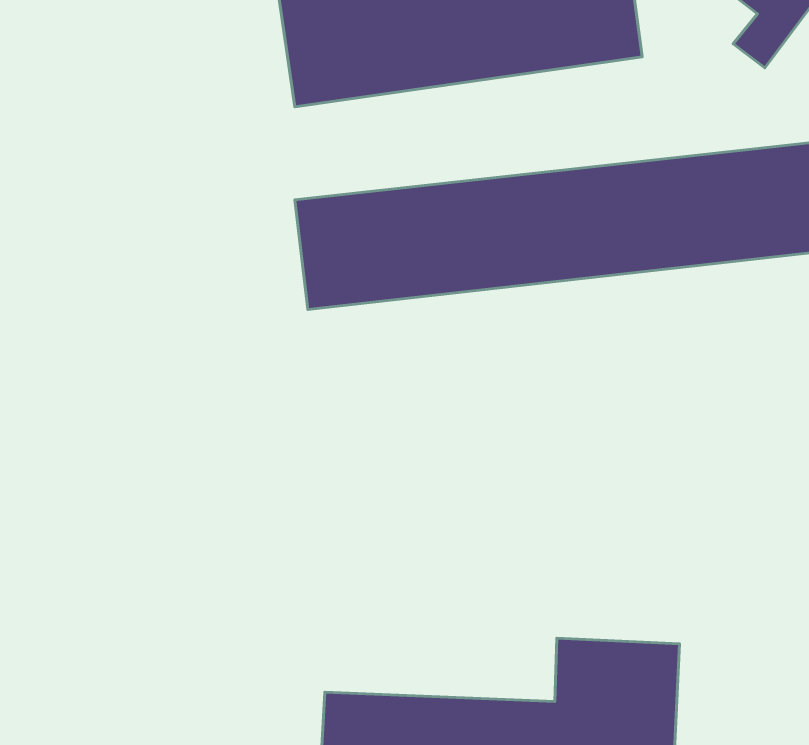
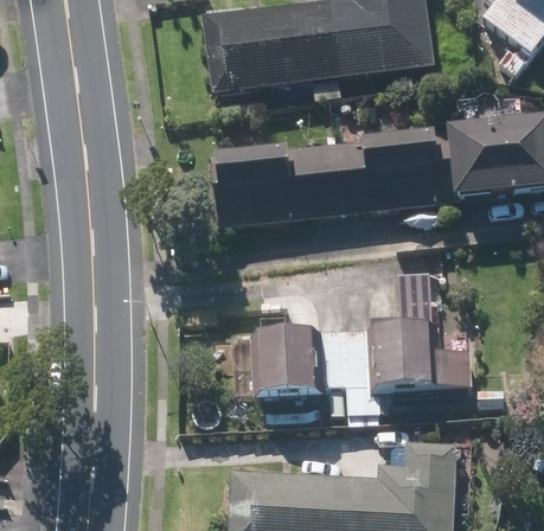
building: none -> [249,301,508,418]

